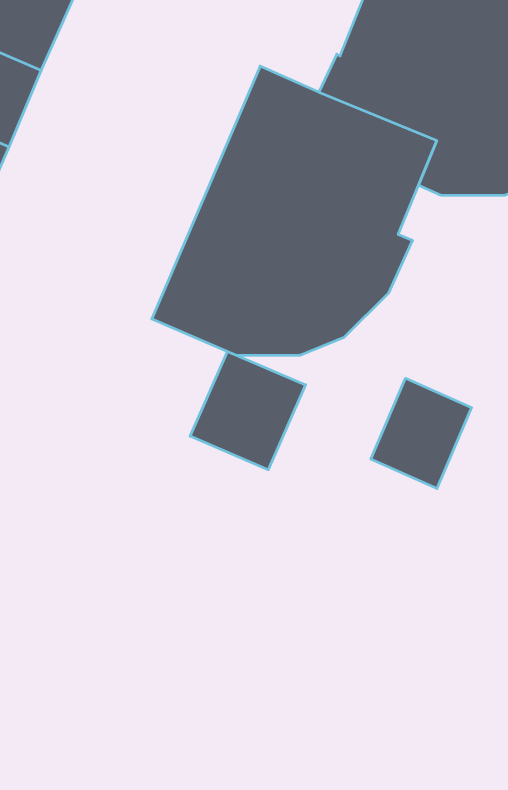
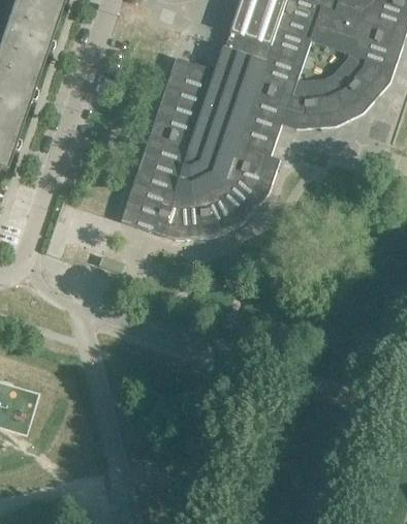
building: [190,351,306,470] -> none
building: [371,378,472,489] -> none

